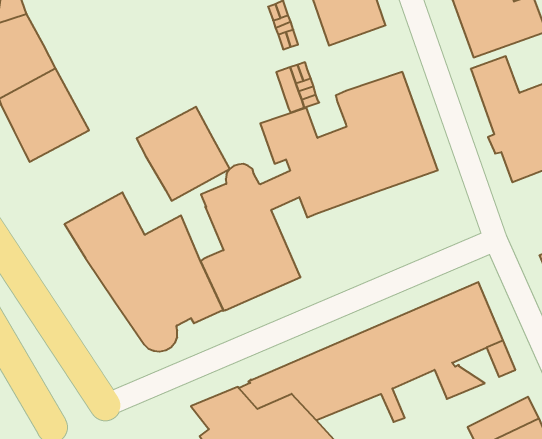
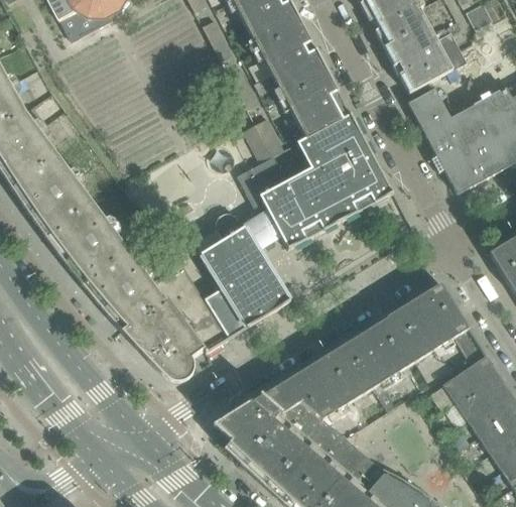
building: none -> [286,76,351,136]
building: [137,107,230,201] -> [46,202,129,284]
building: none -> [436,354,498,406]

